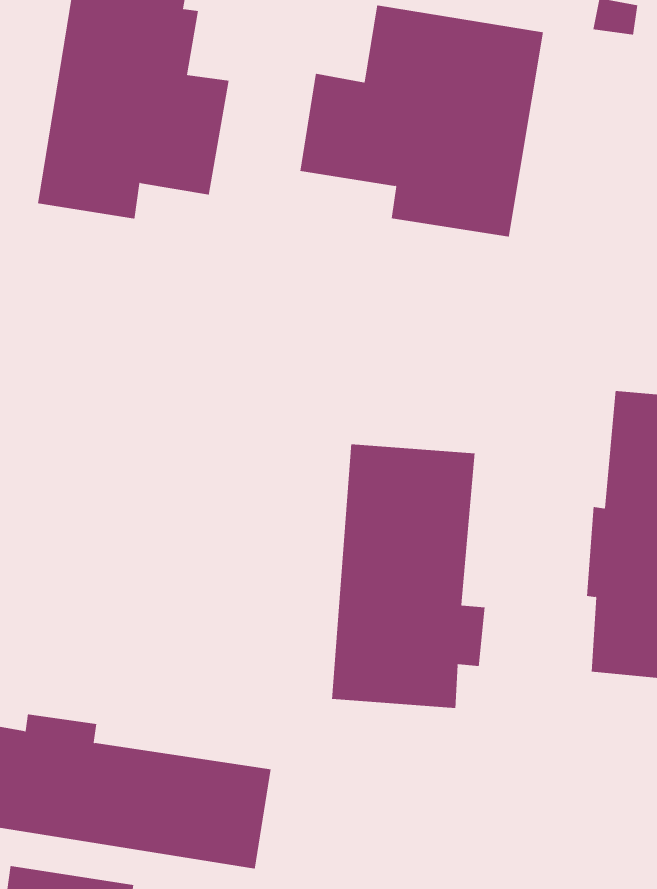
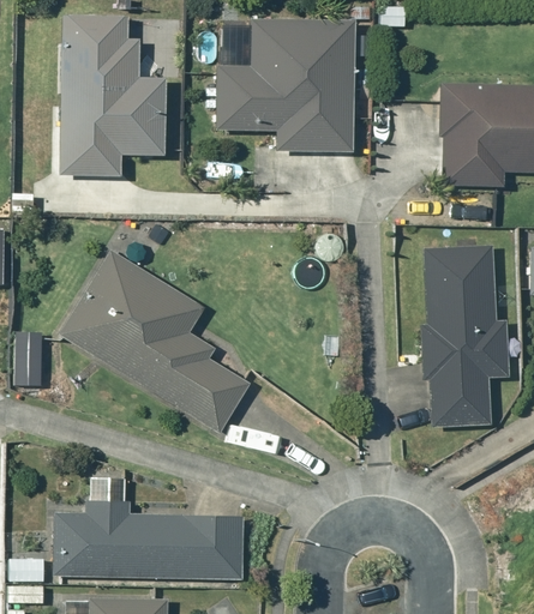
building: none -> [60,249,251,432]
building: [331,443,485,709] -> none

